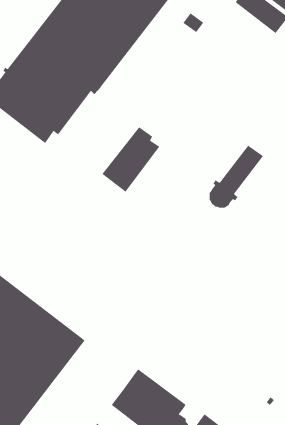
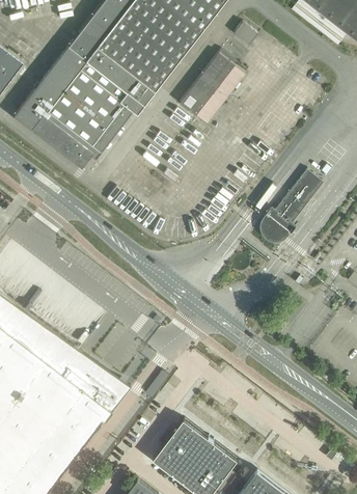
building: [101,126,160,193] -> [180,51,245,125]

